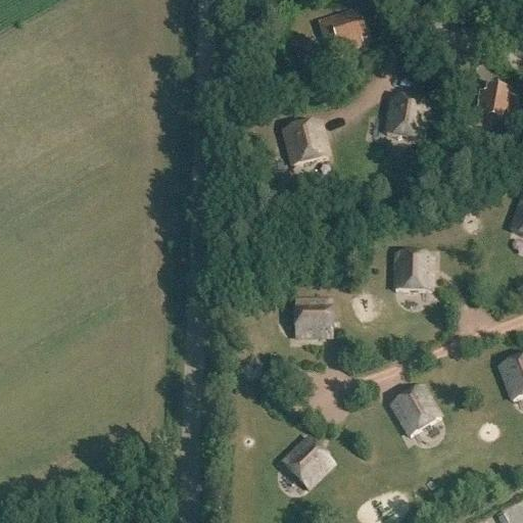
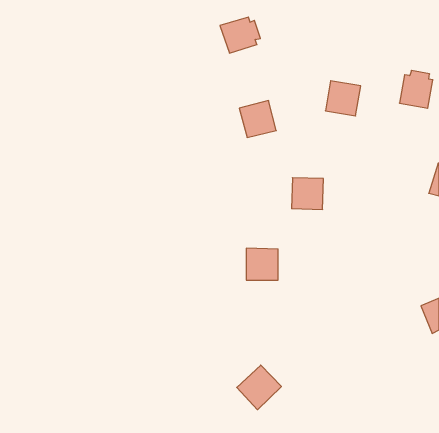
building: [319,9,367,52] -> [220,17,260,53]
building: [394,251,432,289] -> [292,178,323,209]
building: [391,384,440,434] -> none

